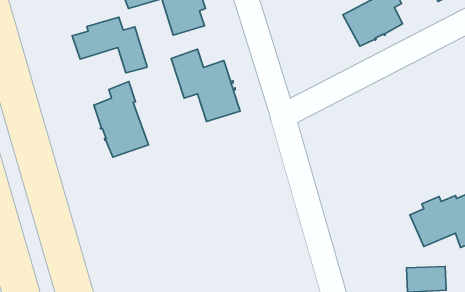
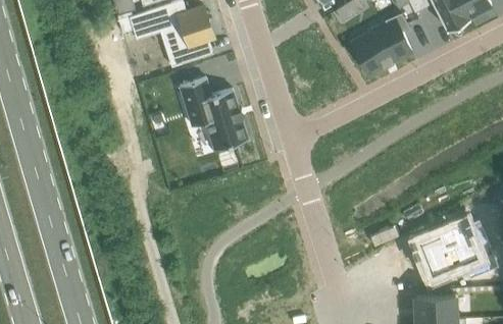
building: [72,17,147,73] -> none
building: [94,82,148,157] -> none

